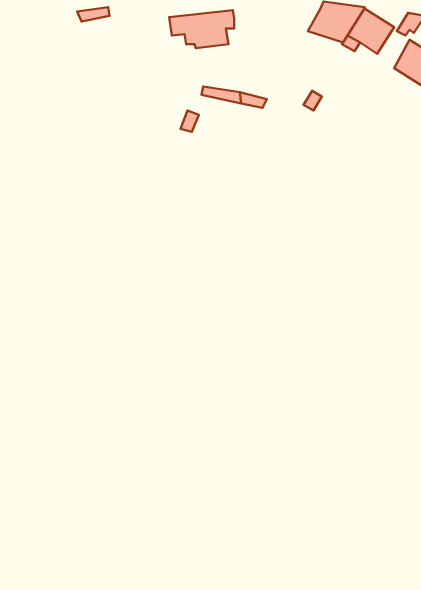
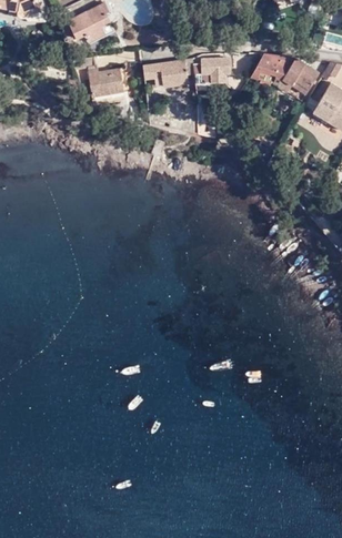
building: none -> [193,58,228,81]
building: none -> [88,69,123,97]

